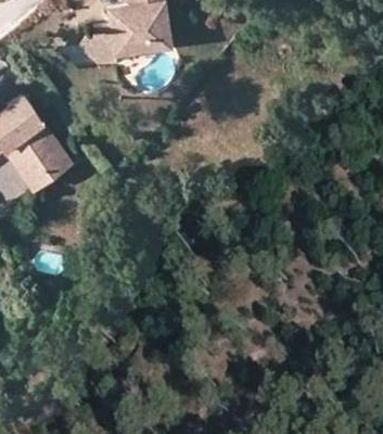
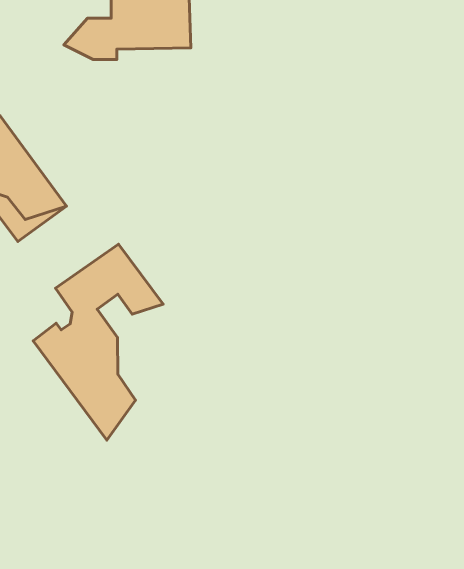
building: none -> [33,244,163,440]

